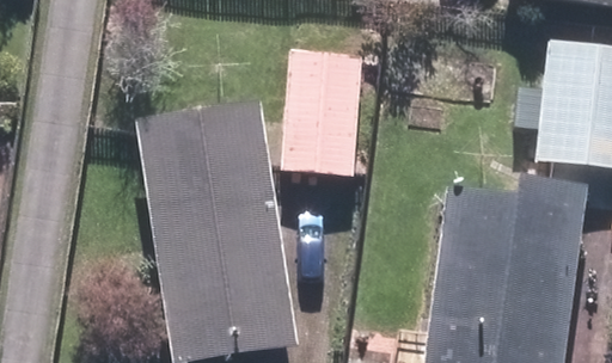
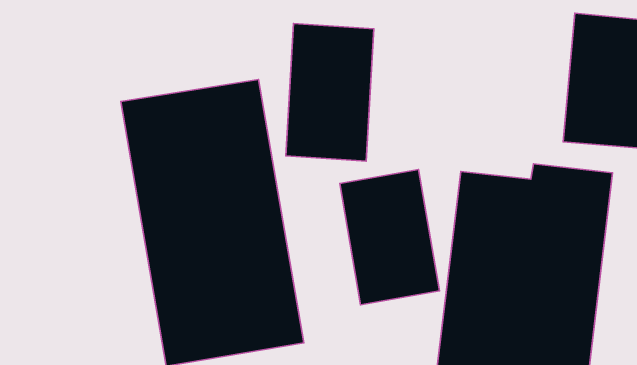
building: none -> [340,169,439,305]

